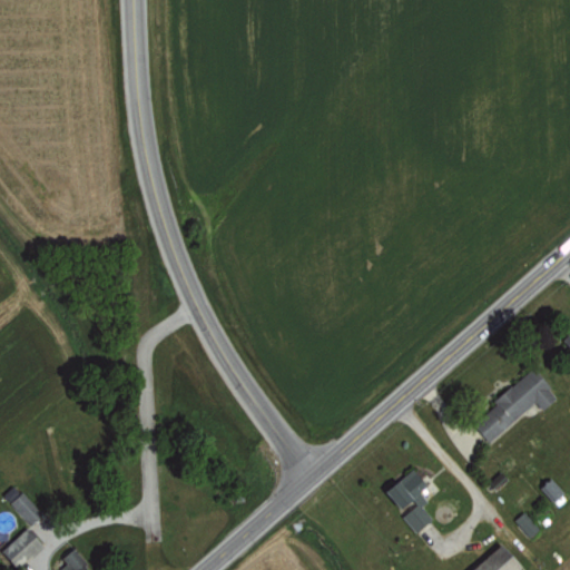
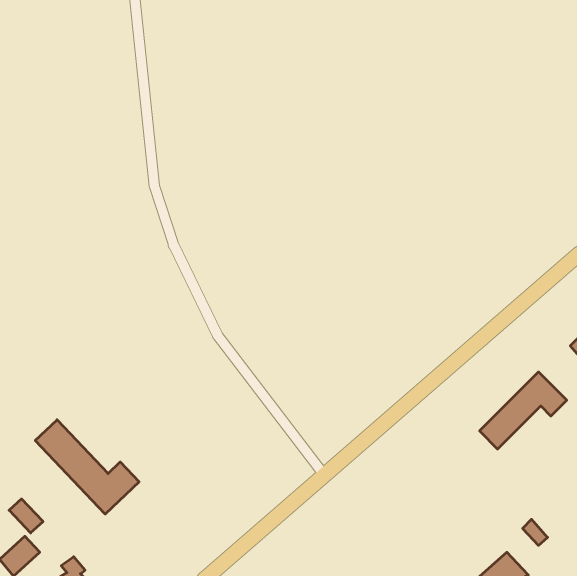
building: none -> [35,420,139,514]
building: [384,470,433,534] -> none

